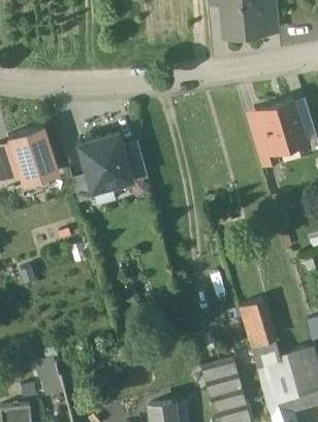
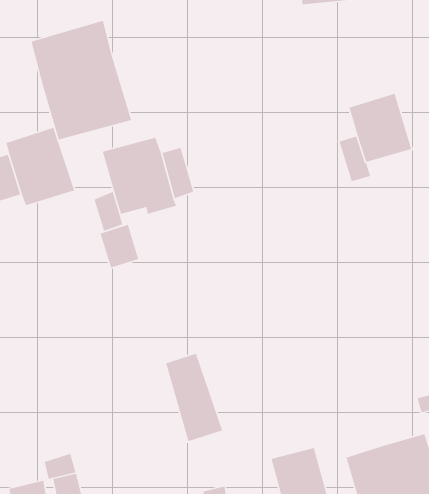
building: none -> [30,20,132,141]
building: none -> [100,224,139,269]
building: [241,301,283,366] -> [165,353,223,442]

